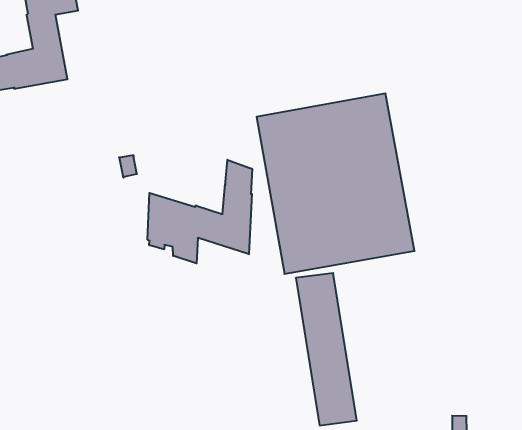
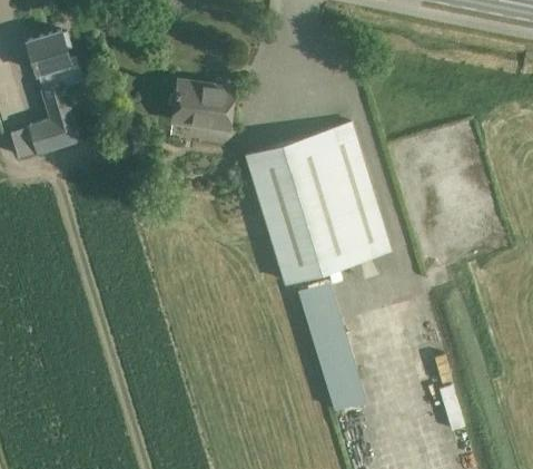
building: none -> [172,80,236,131]
building: [147,160,252,263] -> none

